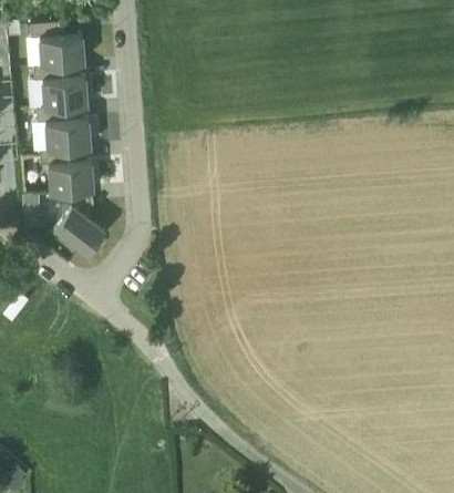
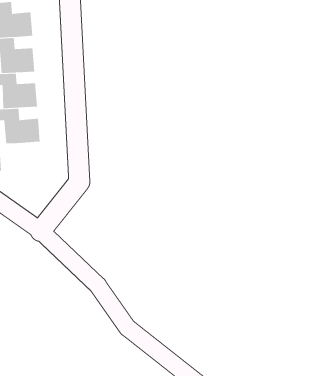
building: [53,192,104,256] -> none

